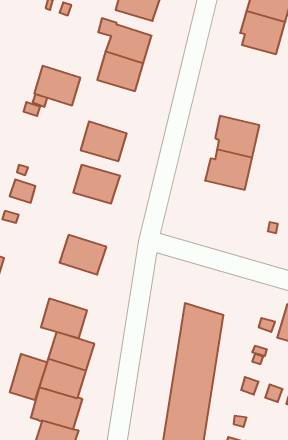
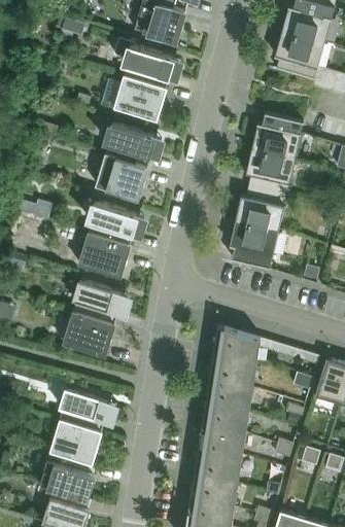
building: [34,66,80,105] -> [105,124,157,168]
building: none -> [251,112,304,159]
building: none -> [230,220,279,268]
building: none -> [78,234,130,277]
building: none -> [212,325,320,371]
building: [41,299,87,338] -> [63,312,114,356]
building: [10,354,47,400] -> none

